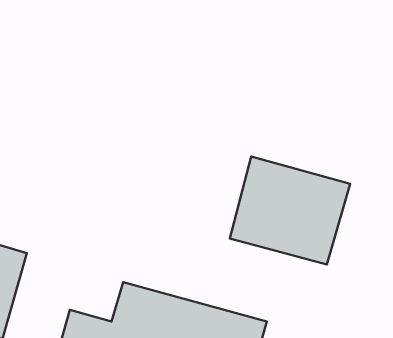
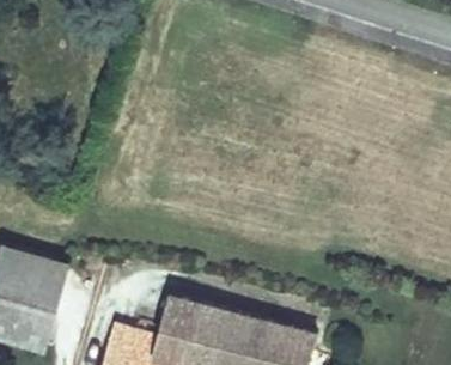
building: [230,156,350,264] -> none

